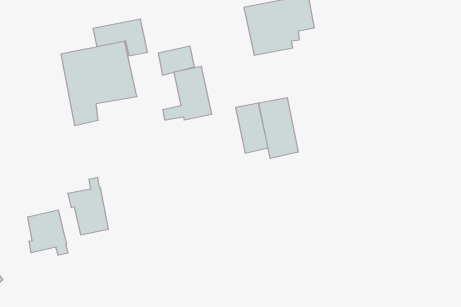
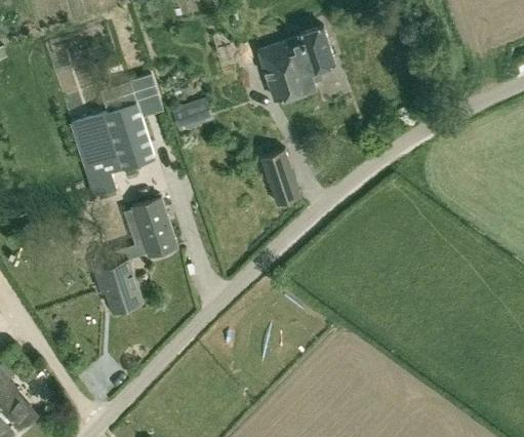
building: [163,67,212,120] -> [124,199,176,260]
building: [259,98,298,159] -> none
building: [28,210,68,255] -> none

